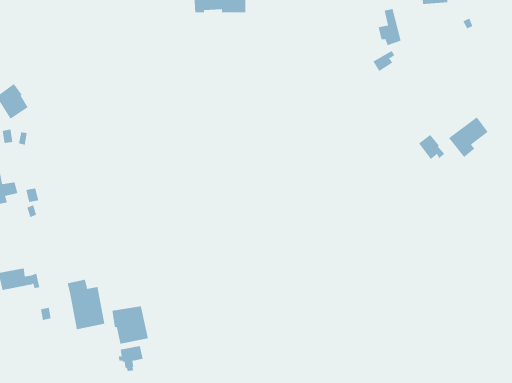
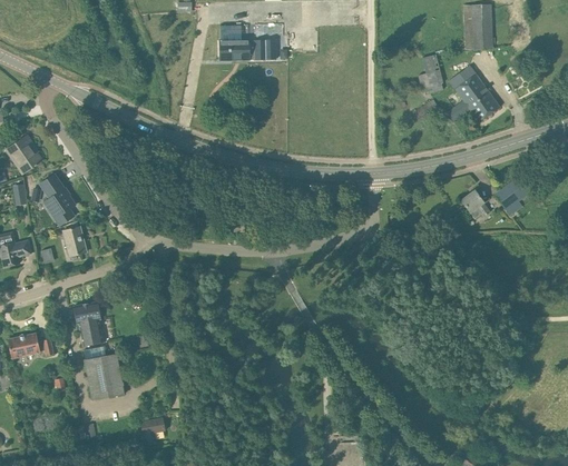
building: none -> [447,66,500,122]
building: none -> [46,181,75,214]
building: none -> [63,226,86,256]
building: none -> [75,303,104,345]
building: [112,306,149,345] -> none

